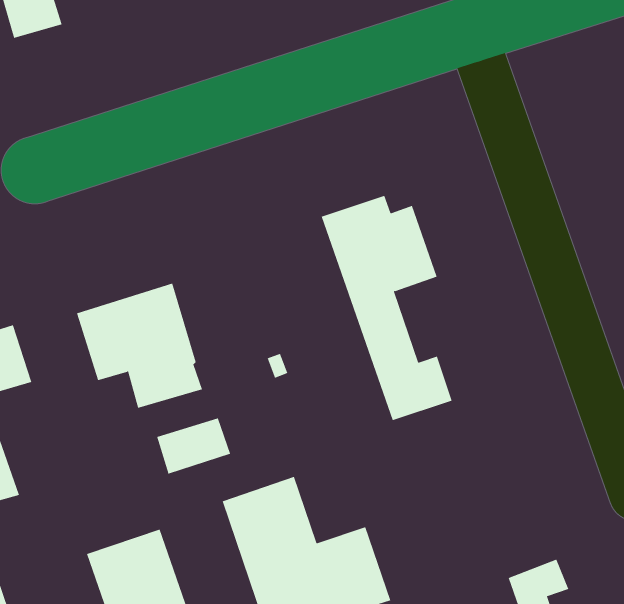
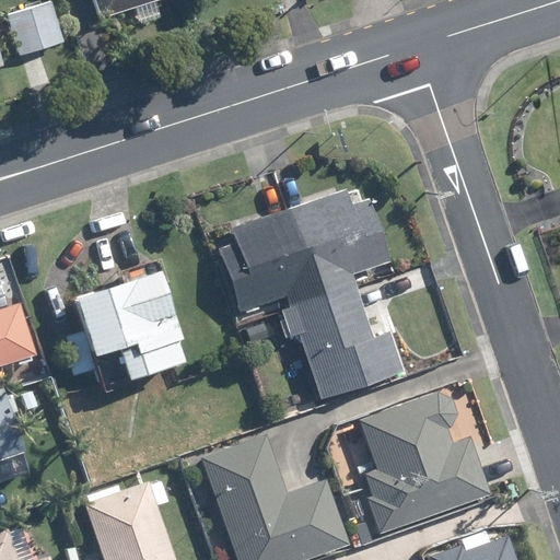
building: none -> [219,210,350,398]
building: [156,418,231,474] -> none
building: none -> [362,395,490,534]

